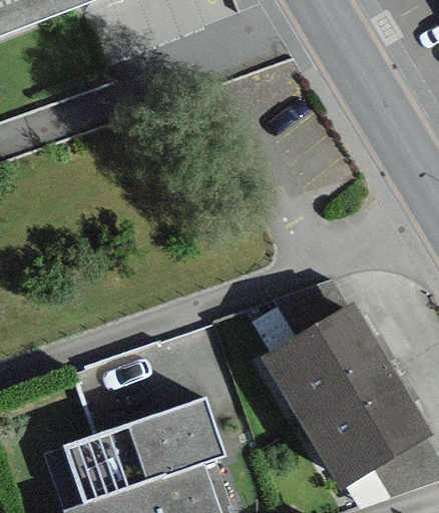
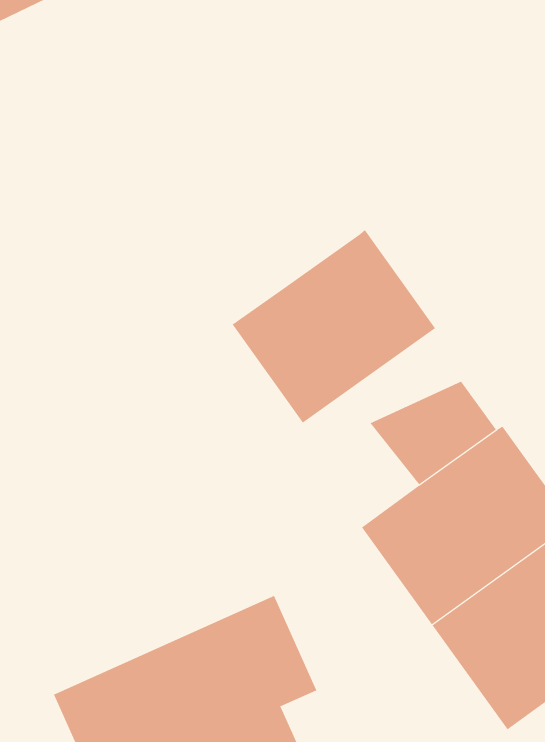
building: none -> [232,229,436,424]

